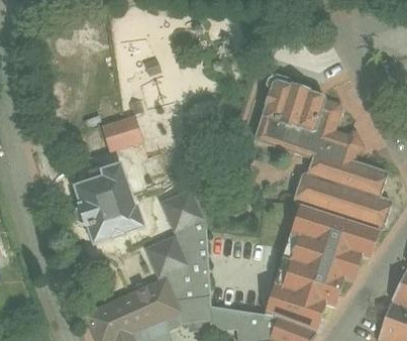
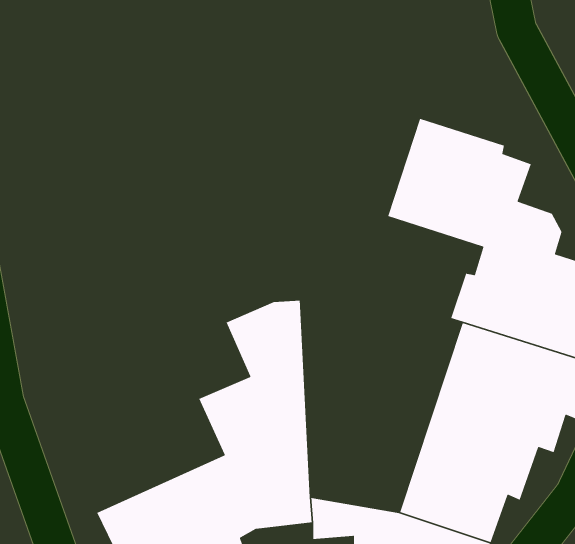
building: [92,115,138,154] -> none
building: [74,162,147,244] -> none

